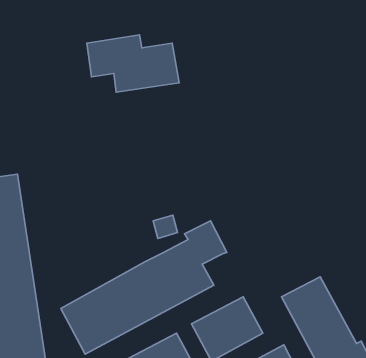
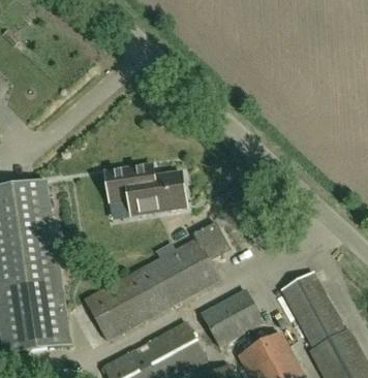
building: [87,35,179,92] -> [106,164,188,215]

